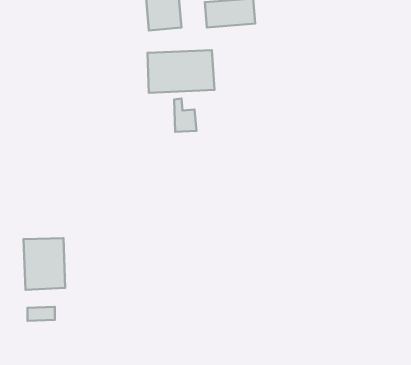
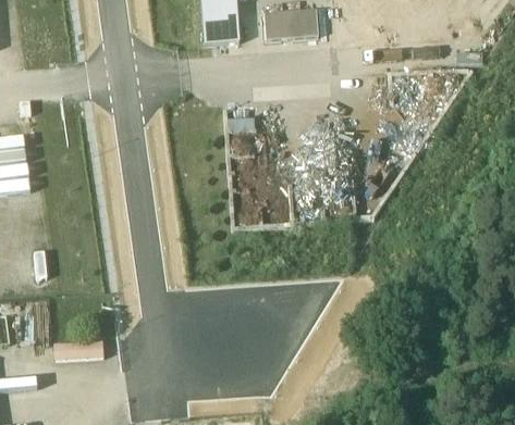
building: [147,50,214,93] -> none
building: [24,238,65,290] -> none

